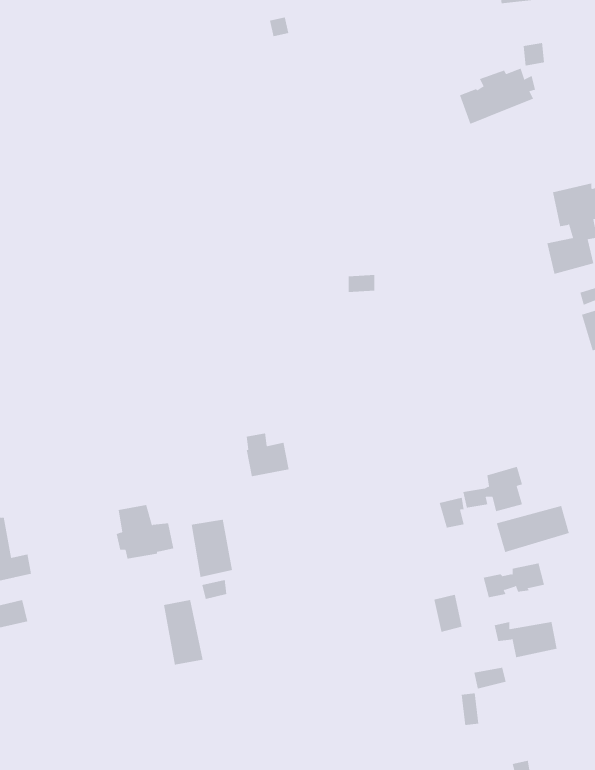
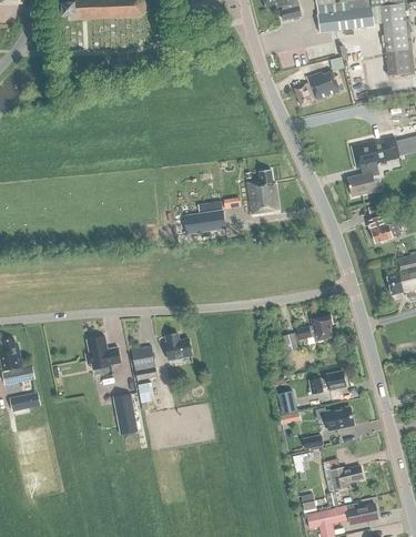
building: none -> [246,169,280,213]
building: none -> [184,210,225,234]
building: [246,433,289,477] -> [165,333,192,359]
building: [496,505,570,553] -> none
building: none -> [324,466,363,488]

